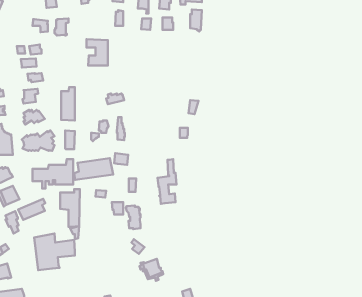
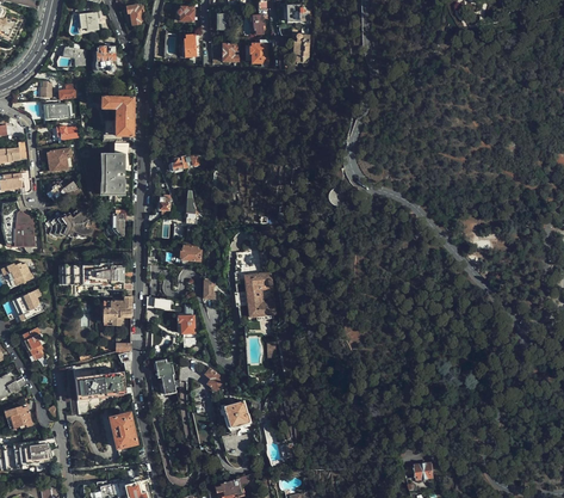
building: [87,39,108,65] -> [101,97,132,135]
building: [74,158,113,180] -> none
building: [18,199,45,220] -> none
building: [126,205,141,229] -> [154,359,175,394]
building: none -> [110,413,140,448]

